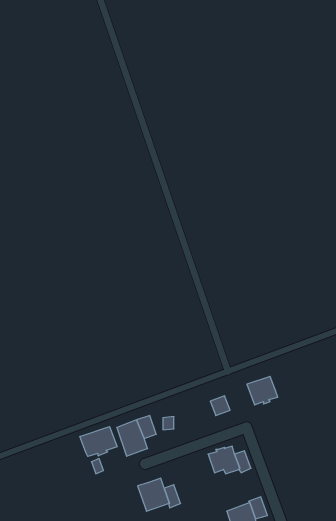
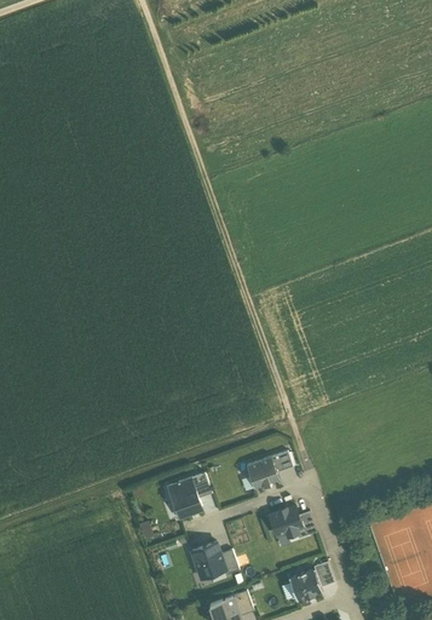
building: [247,376,278,405] -> [243,457,277,488]
building: [80,427,117,456] -> none

